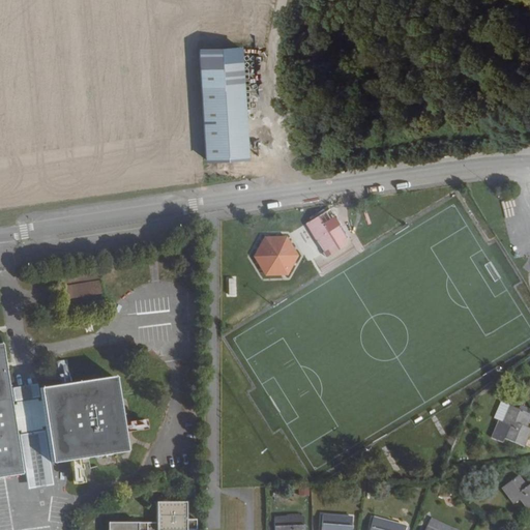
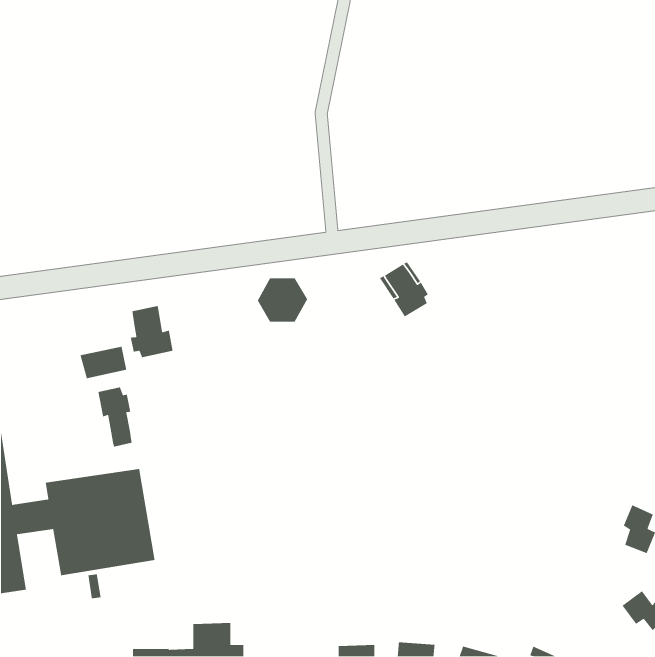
building: [201,48,248,159] -> none
building: [257,236,298,272] -> [257,277,308,322]
building: none -> [130,305,173,358]
building: none -> [98,386,133,448]

